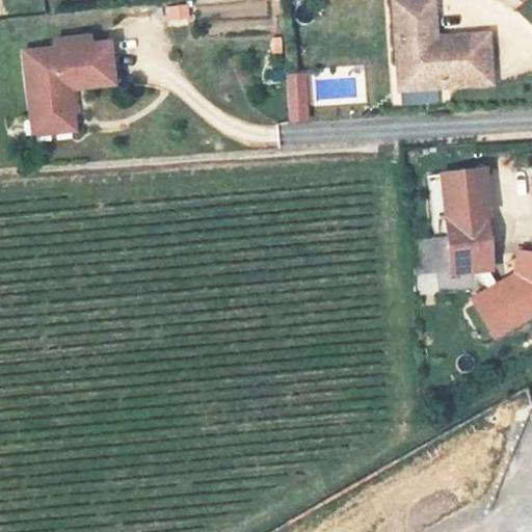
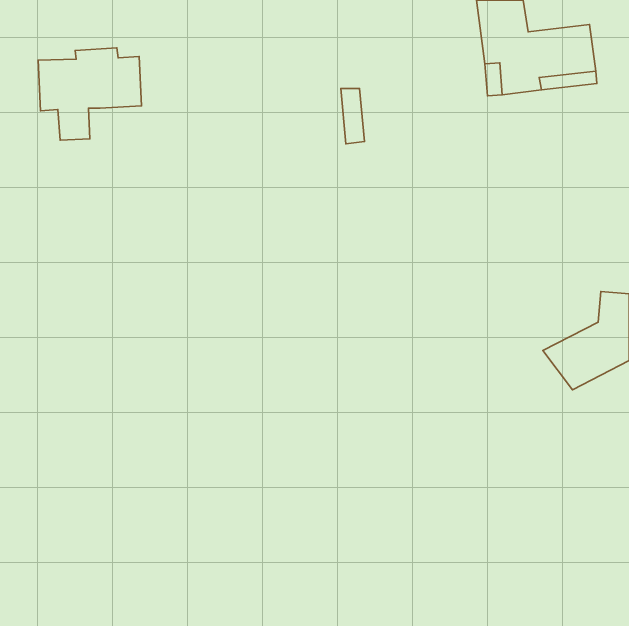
building: [34,95,77,136] -> none
building: [440,169,501,271] -> none

